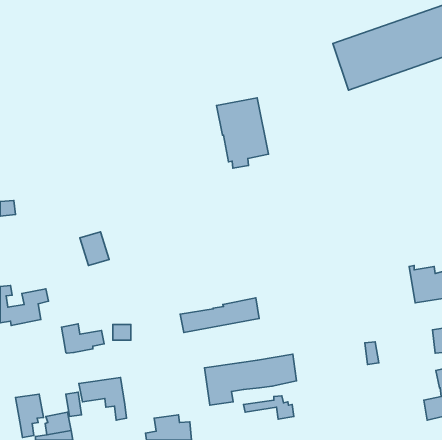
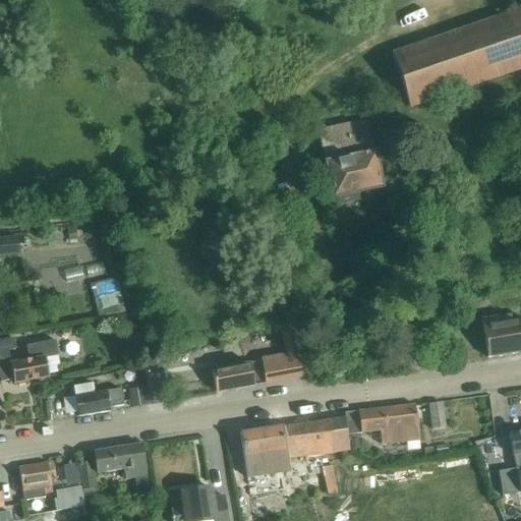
building: [216,98,268,168] -> [319,118,380,200]
building: none -> [345,403,419,442]

